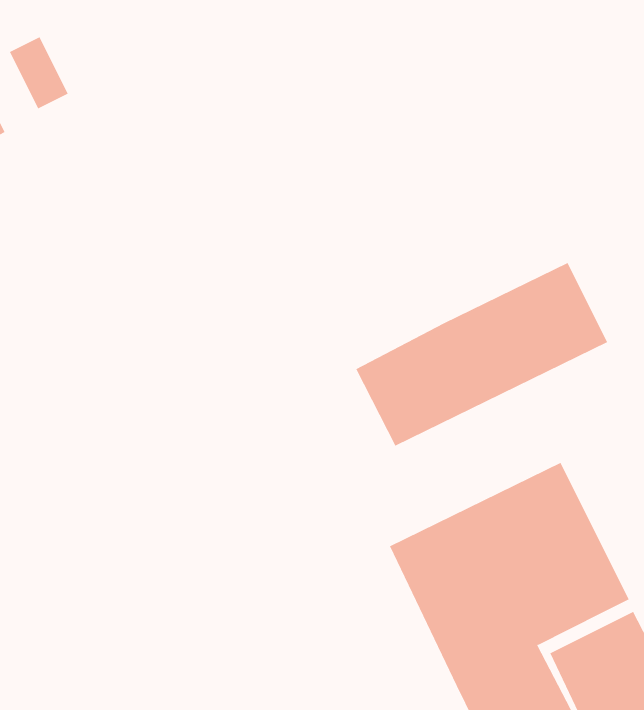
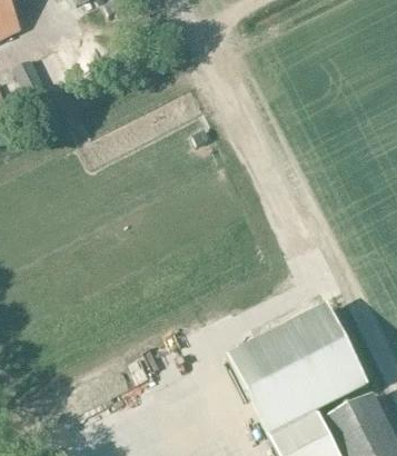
building: [355,262,608,446] -> none

